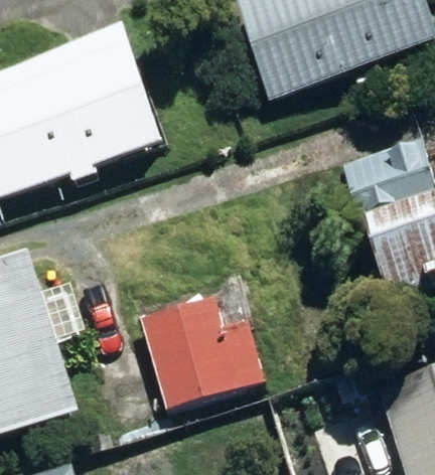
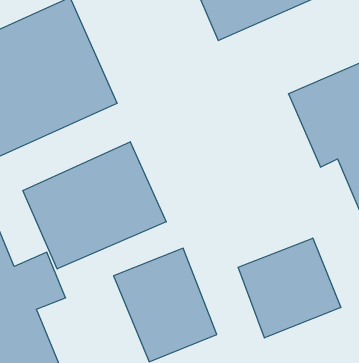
building: none -> [23,142,166,269]
building: none -> [238,238,341,338]

